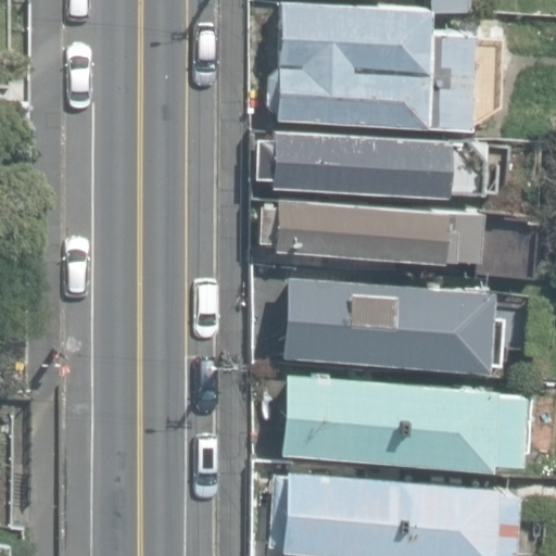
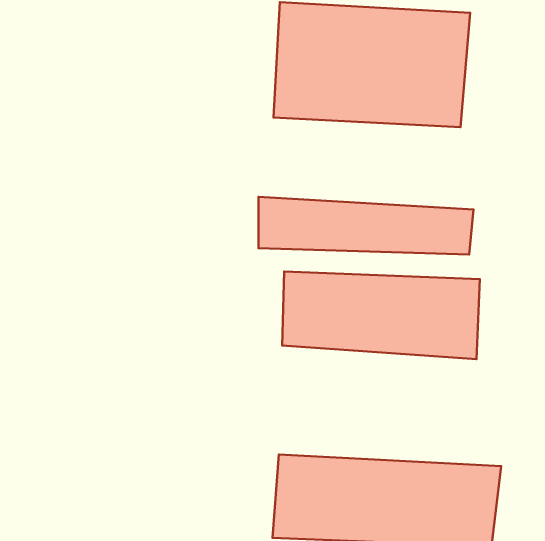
building: [267,137,471,202] -> none
building: [287,372,520,467] -> none

